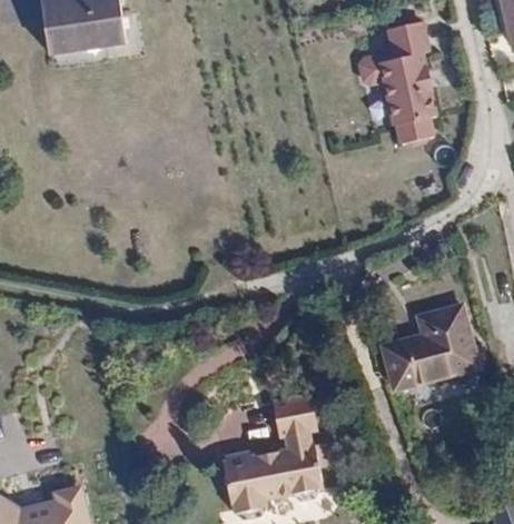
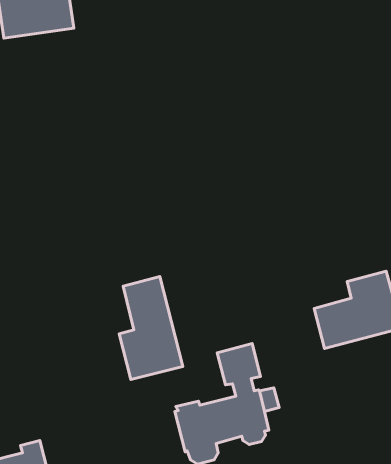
building: [356,21,434,147] -> none
building: none -> [119,276,183,379]

